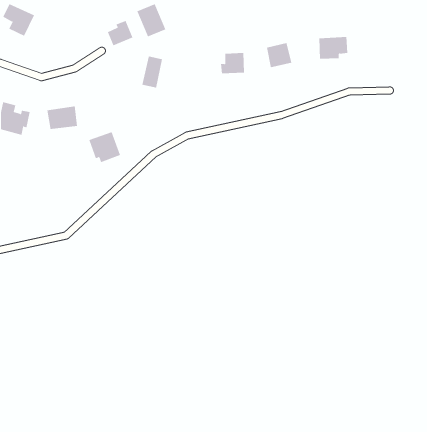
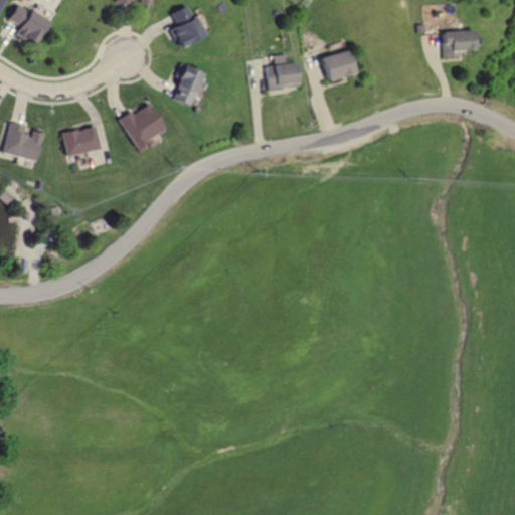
building: [107,20,133,46] -> none
building: [318,36,348,59] -> [442,30,477,57]
building: [89,131,121,163] -> [126,106,164,143]

